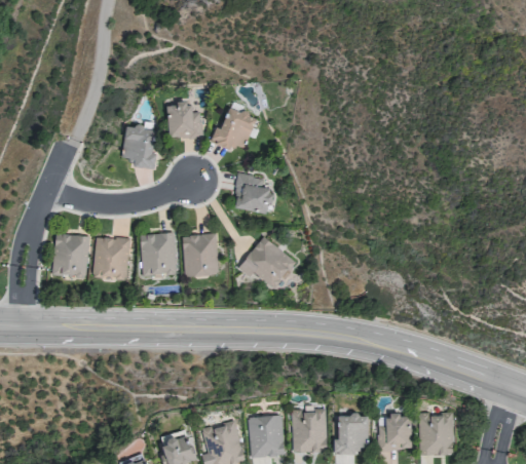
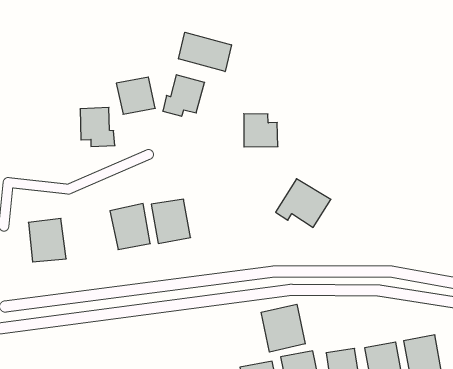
building: none -> [179,32,231,72]
building: [234,175,272,214] -> [244,114,278,147]
building: [93,237,130,279] -> none
building: [238,237,297,289] -> [276,179,331,227]
building: none -> [261,304,305,352]

